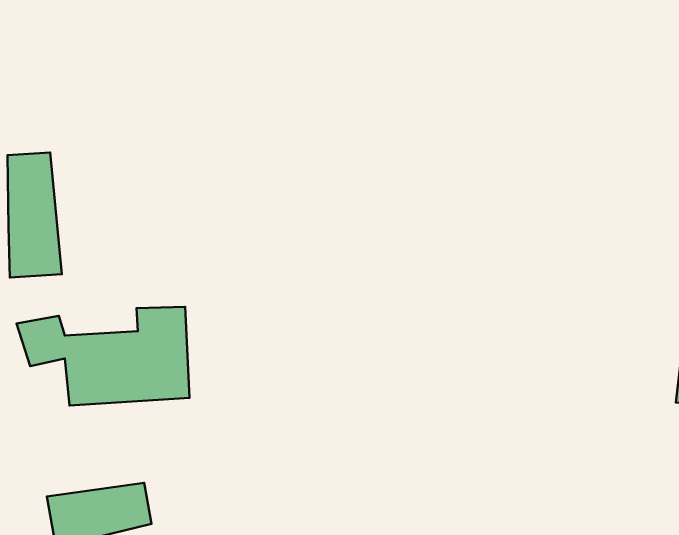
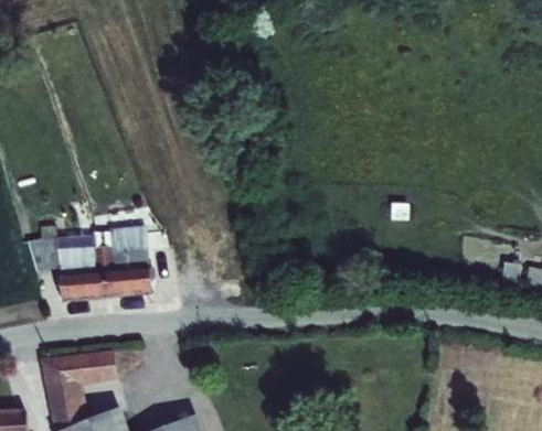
building: [7,153,62,278] -> none

